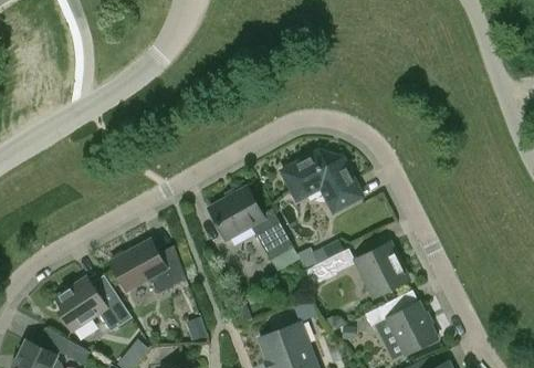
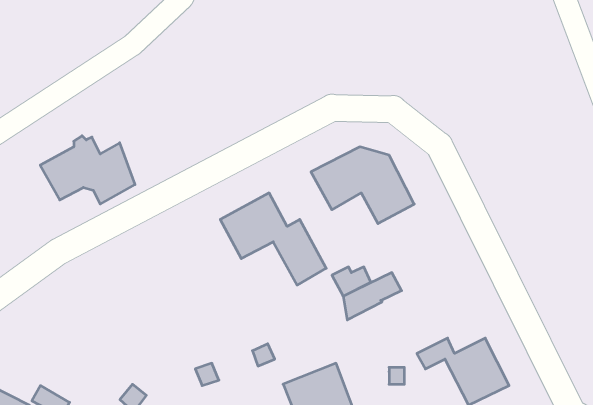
building: [111,240,186,294] -> [40,136,135,204]
building: [355,246,408,297] -> none
building: [55,277,132,333] -> none

